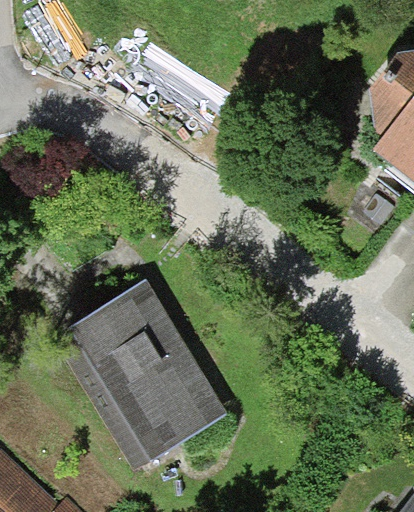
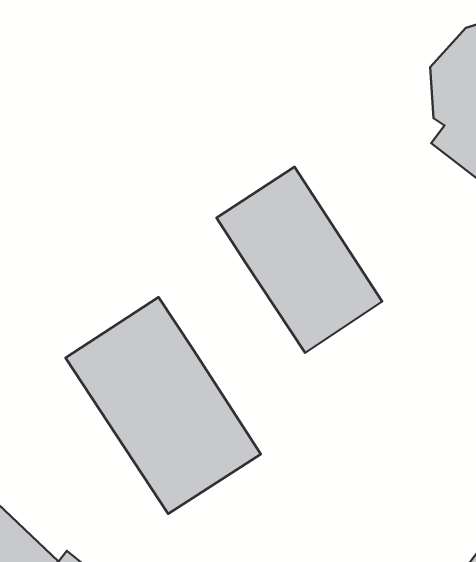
building: none -> [216,167,382,353]

